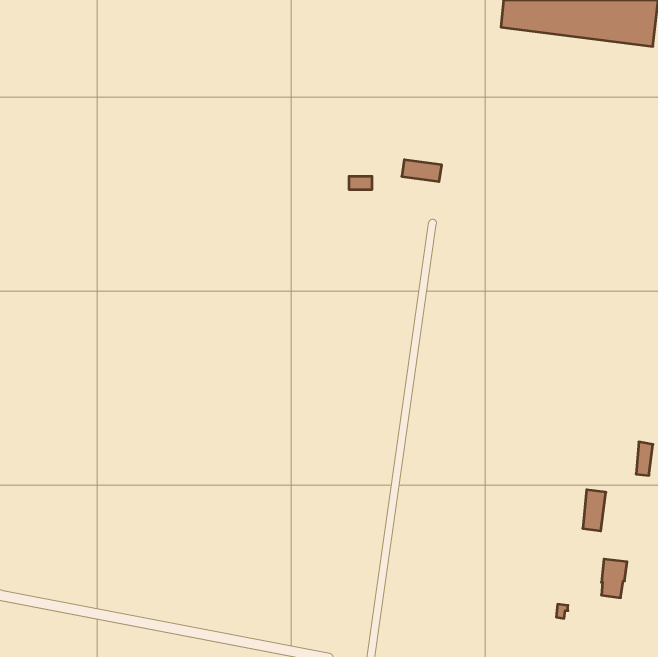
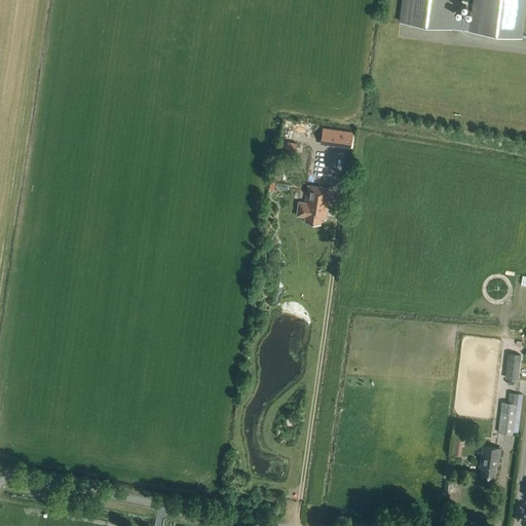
building: none -> [297,186,330,224]
building: [583,490,606,531] -> [498,403,517,436]

